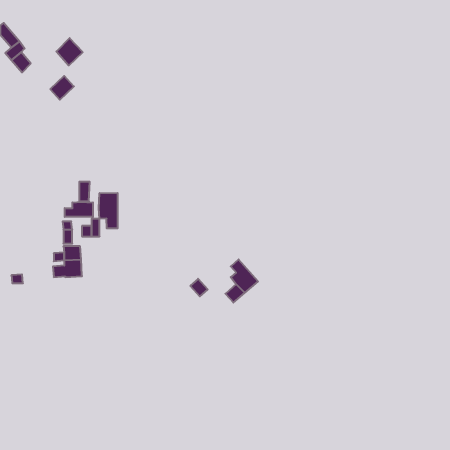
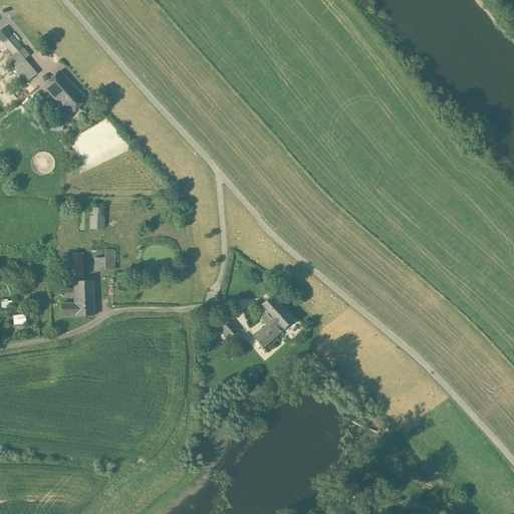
building: [56,38,83,65] -> [43,70,73,101]
building: [99,193,118,228] -> none
building: [65,202,93,217] -> none

